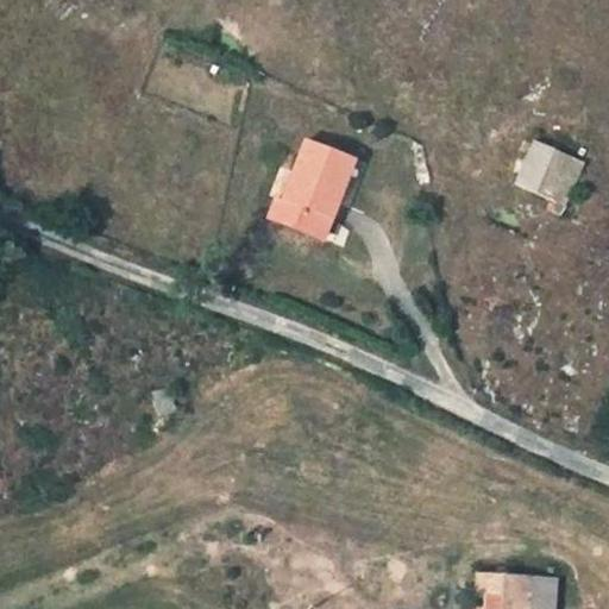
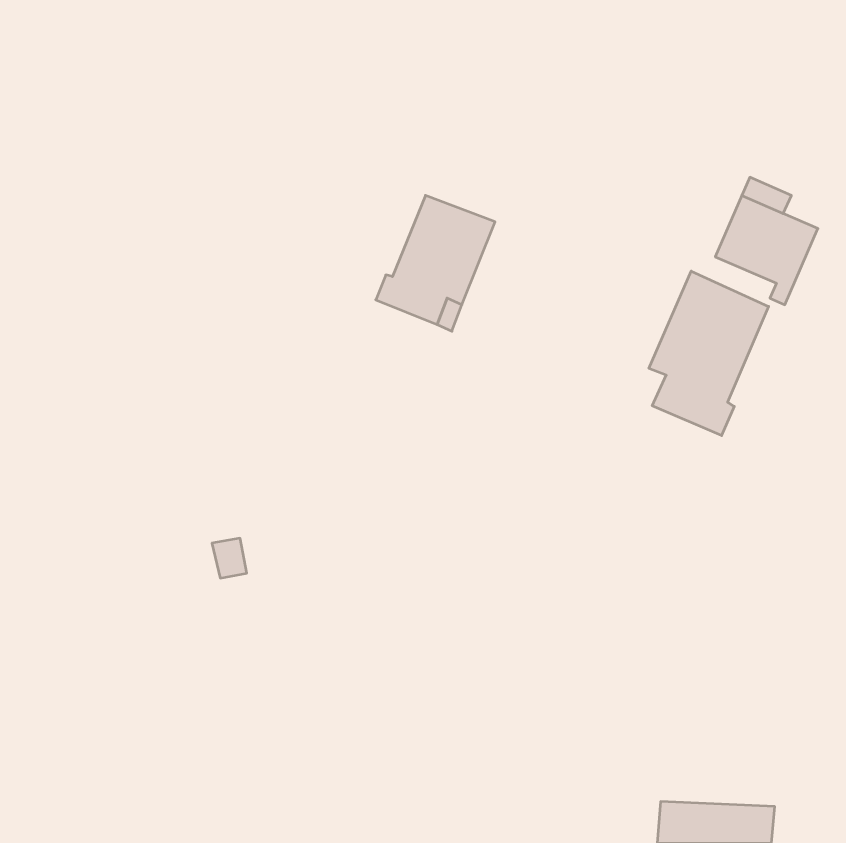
building: none -> [649,271,769,436]

